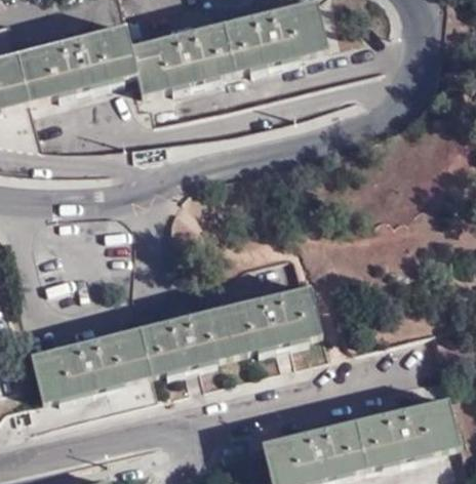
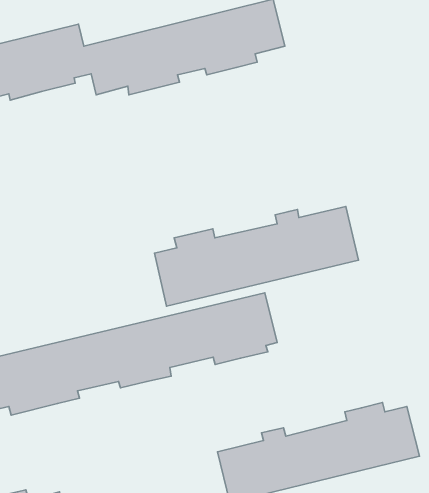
building: none -> [155,206,359,306]

